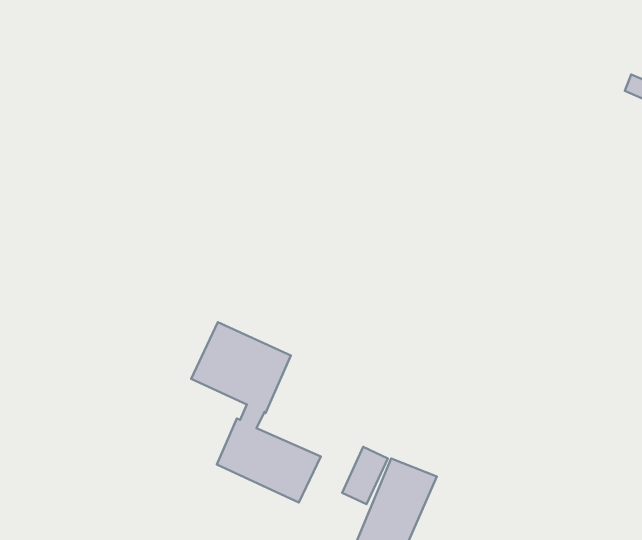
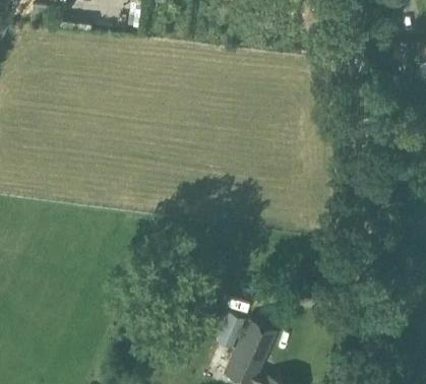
building: [191,322,321,502] -> none

